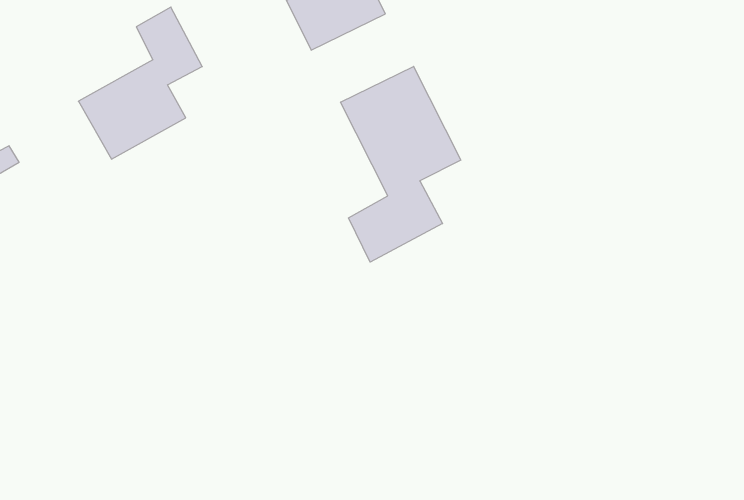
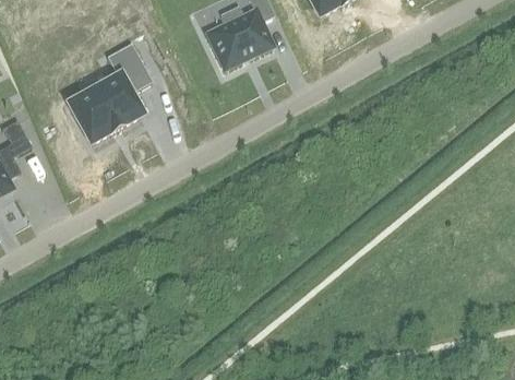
building: [341,66,461,262] -> none

